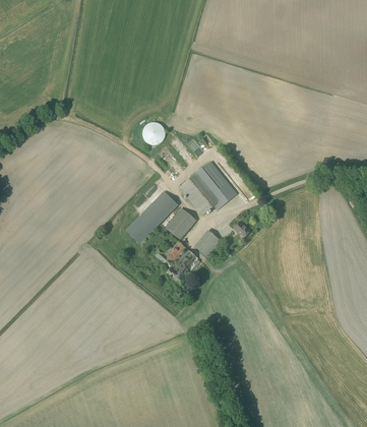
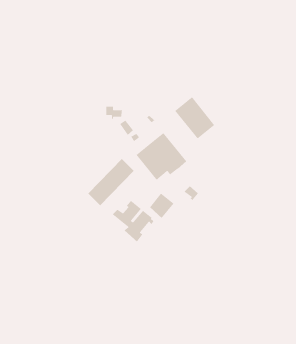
building: none -> [174,96,215,140]
building: [165,206,196,239] -> none

